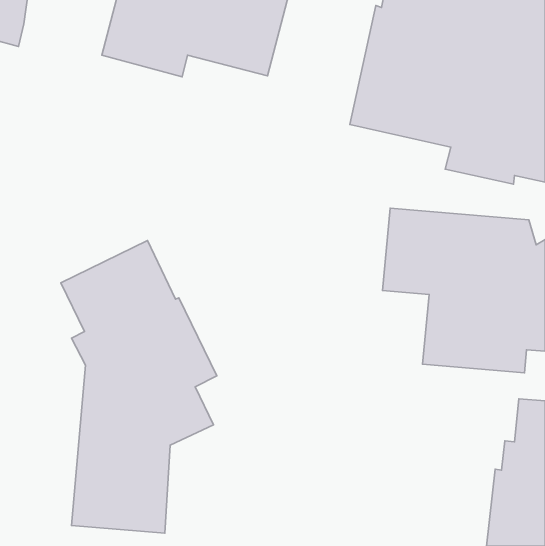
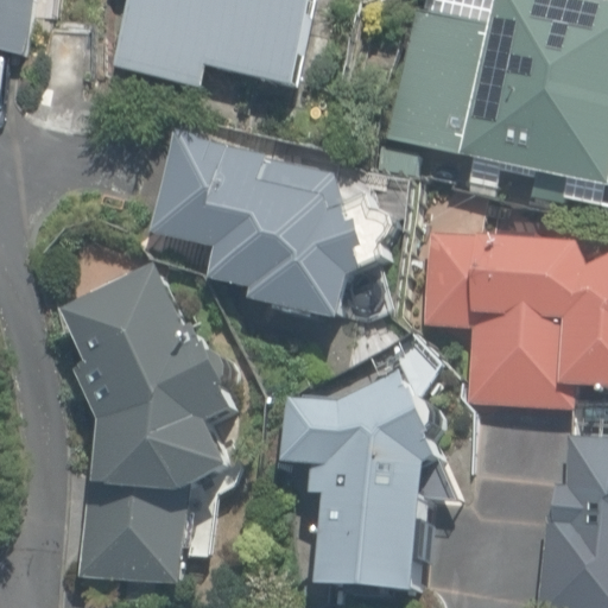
building: none -> [158,137,388,323]
building: none -> [297,374,458,593]

